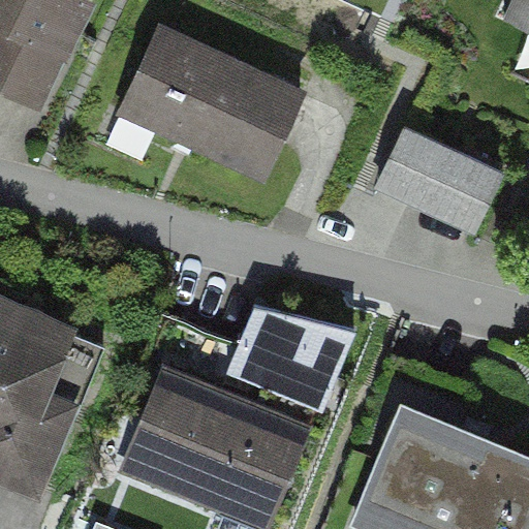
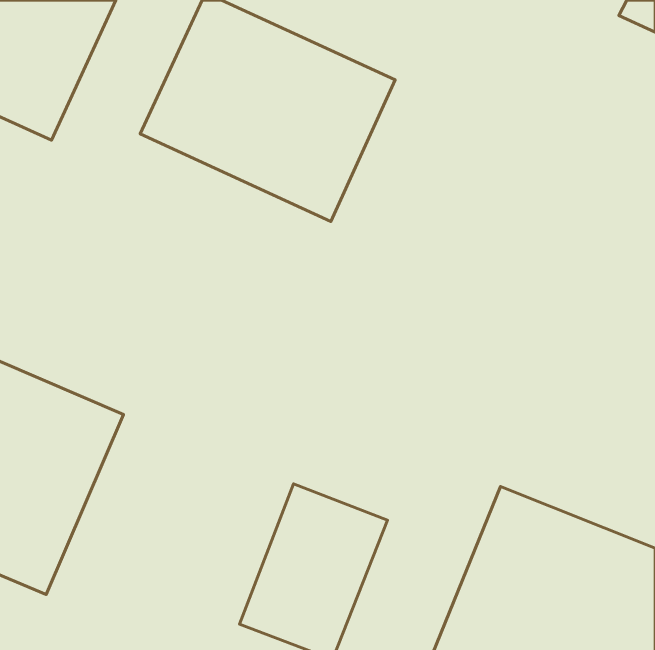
building: [375,131,507,245] -> none
building: [234,306,359,416] -> none
building: [117,365,236,507] -> none

